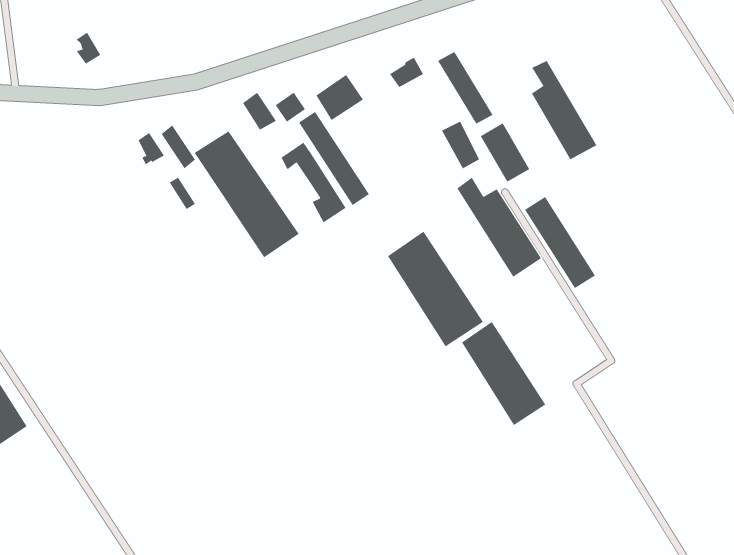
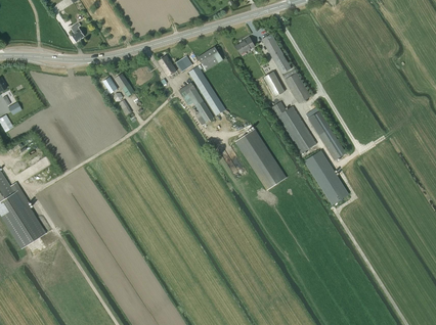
building: [531,60,597,160] -> none
building: [194,130,299,258] -> none
building: [461,321,546,426] -> [304,149,349,204]

